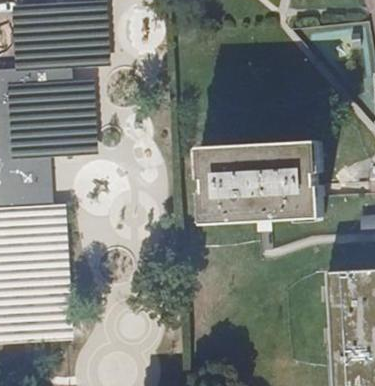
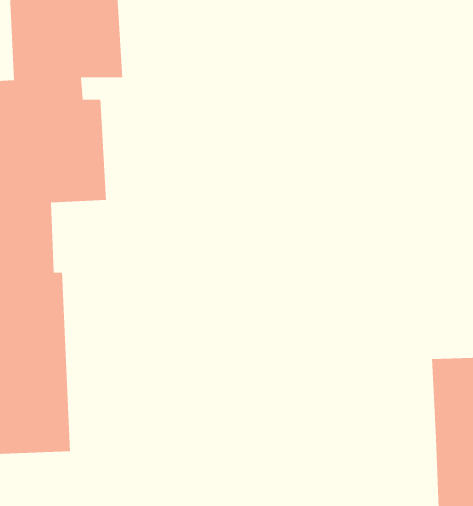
building: [201,140,323,223] -> none

